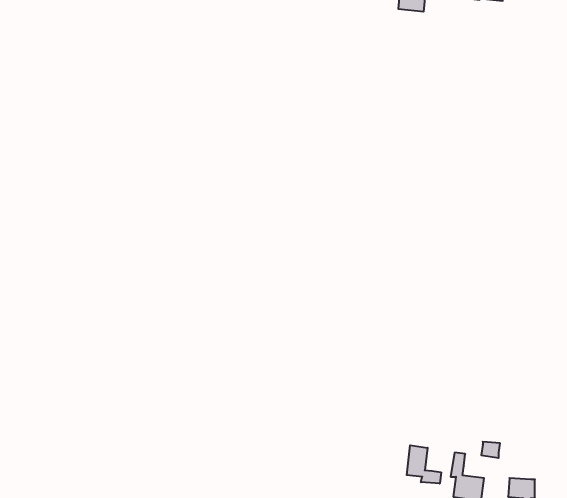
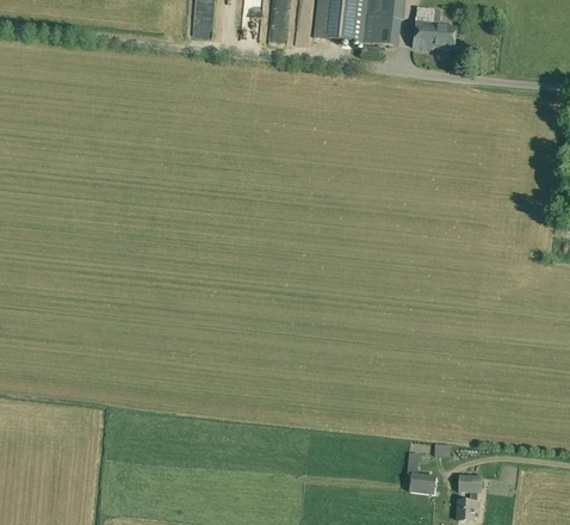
building: [407,445,441,484] -> none

